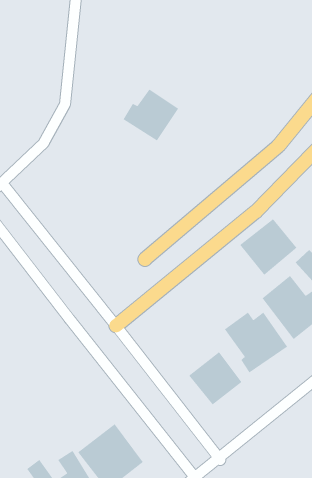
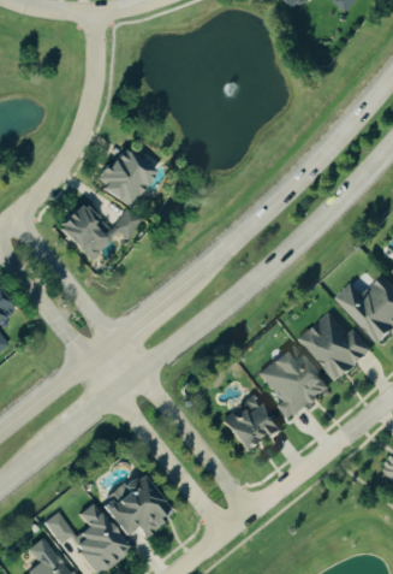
building: [123,88,179,142] -> [94,148,155,206]
building: none -> [55,201,141,260]
building: [239,218,298,276] -> none

